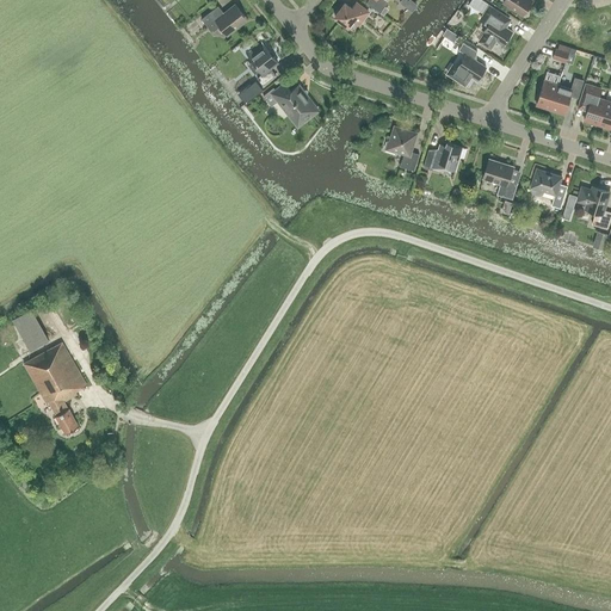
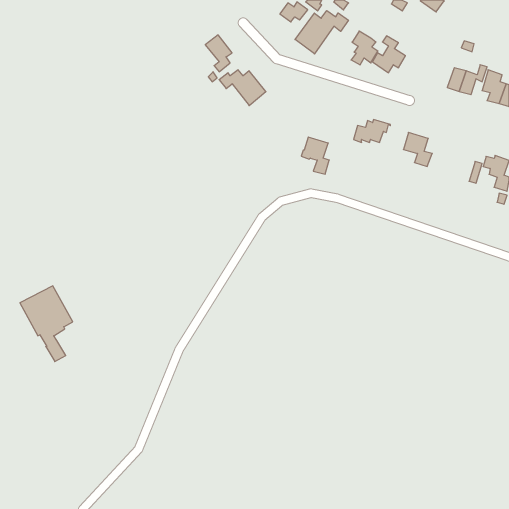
building: [202,5,247,36] -> none
building: [480,7,512,48] -> [351,31,378,65]
building: none -> [295,11,348,54]
building: [385,126,419,171] -> [301,137,329,174]
building: [531,168,567,202] -> none
building: [17,316,49,351] -> none

